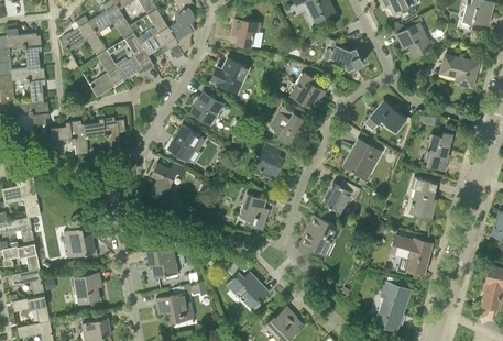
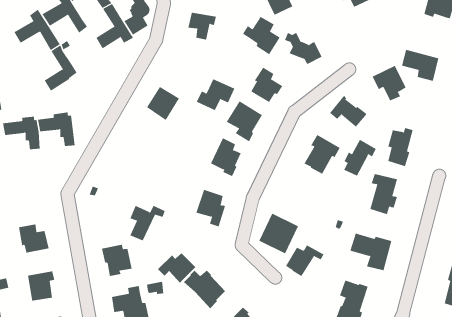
building: none -> [242,16,281,55]
building: [396,23,430,58] -> [372,65,407,101]
building: [118,33,154,80] -> none
building: [210,57,249,89] -> [196,78,235,111]
building: [167,124,203,161] -> none
building: none -> [343,139,377,176]
building: [151,163,186,198] -> [130,205,165,241]
building: [322,182,361,213] -> [285,244,324,277]
building: none -> [157,252,196,284]

